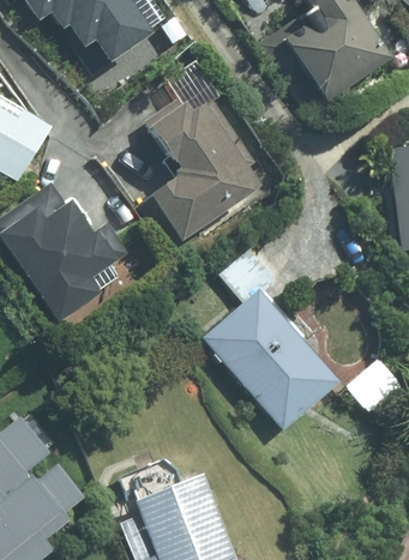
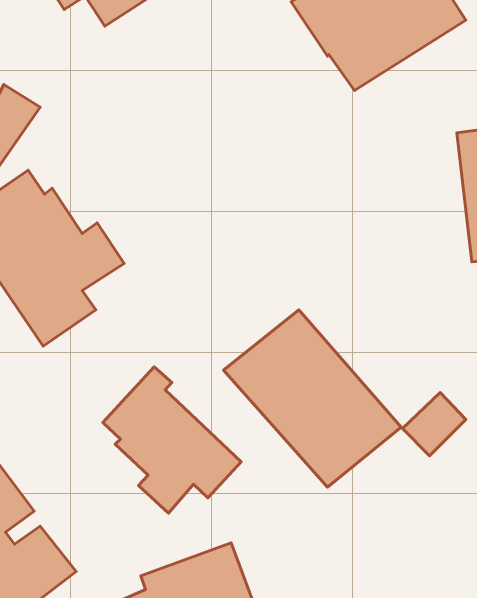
building: [137,97,266,248] -> none
building: none -> [103,367,241,513]

